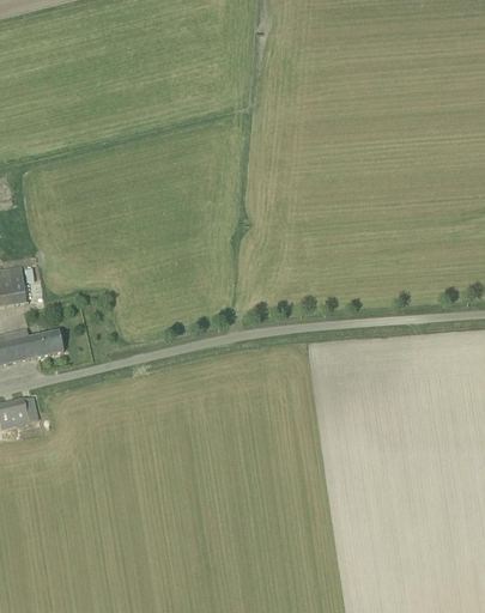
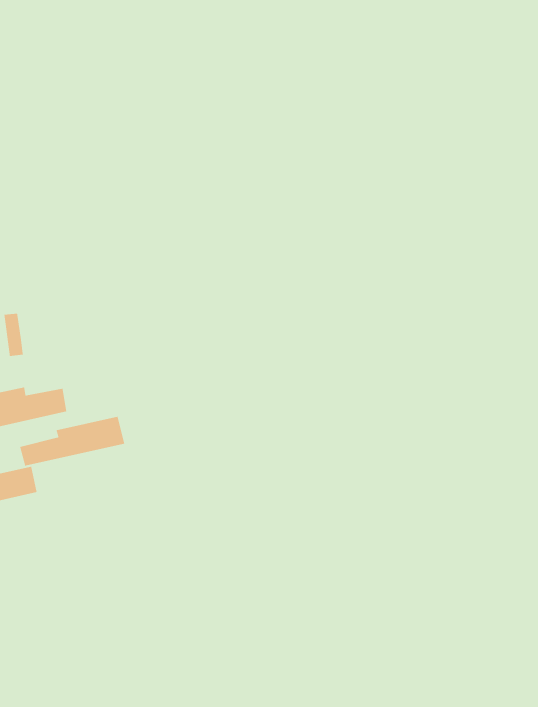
building: none -> [19,416,125,466]

